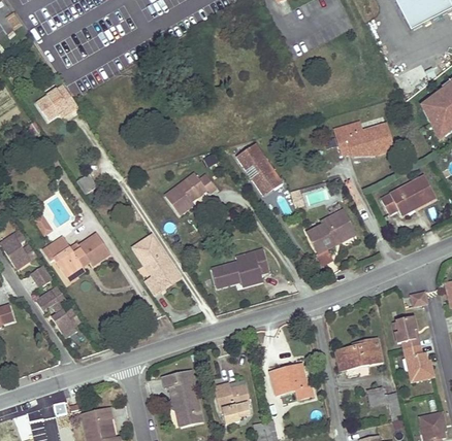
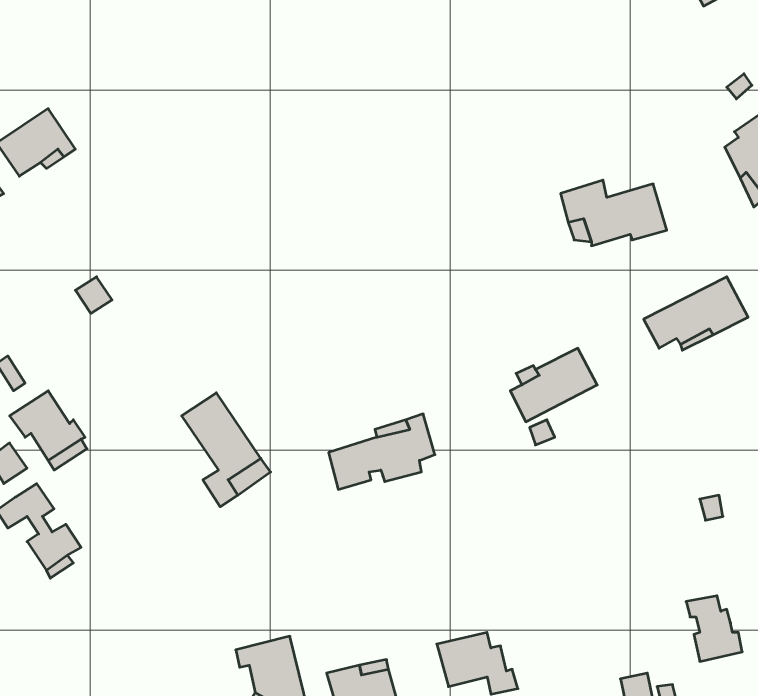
building: [237,147,284,200] -> none
building: [164,174,216,216] -> none
building: [75,233,109,266] -> none
building: [394,317,419,348] -> none
building: [335,338,381,370] -> none

